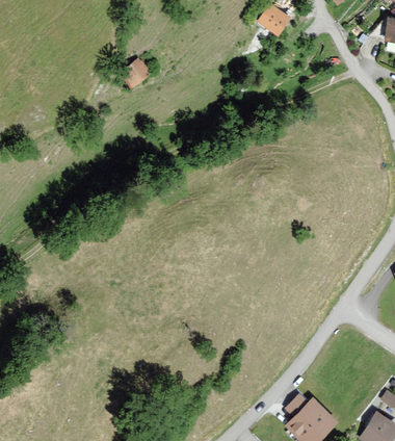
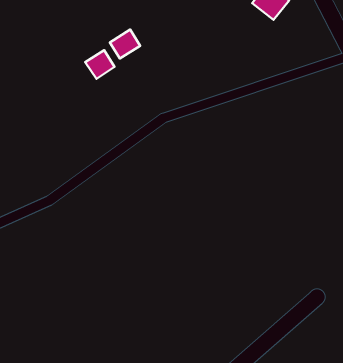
building: none -> [85,50,115,79]

